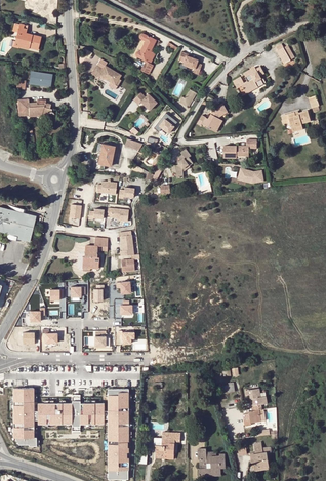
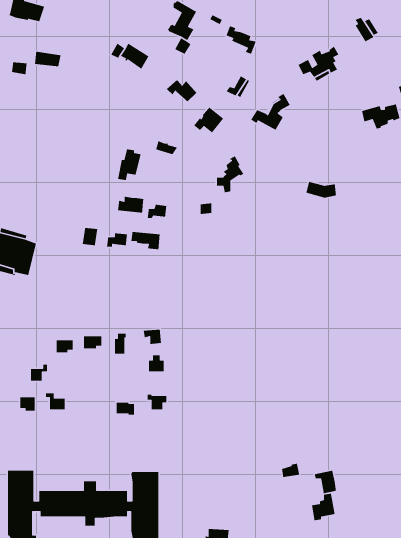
building: [17,99,53,118] -> none
building: [222,139,256,158] -> none
building: [119,231,137,272] -> none
building: [84,237,106,268] -> none

